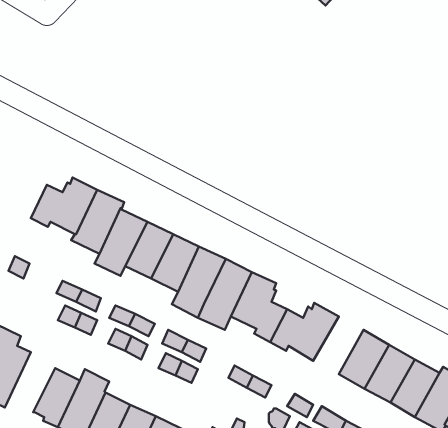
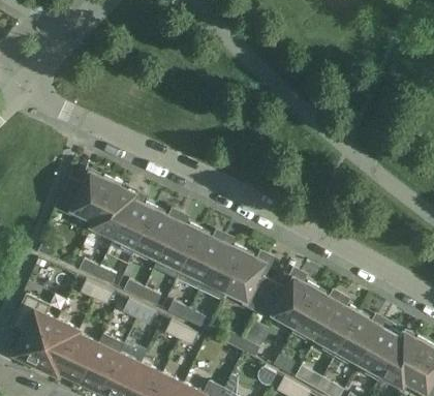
building: none -> [294,290,337,338]
building: none -> [35,319,80,374]

